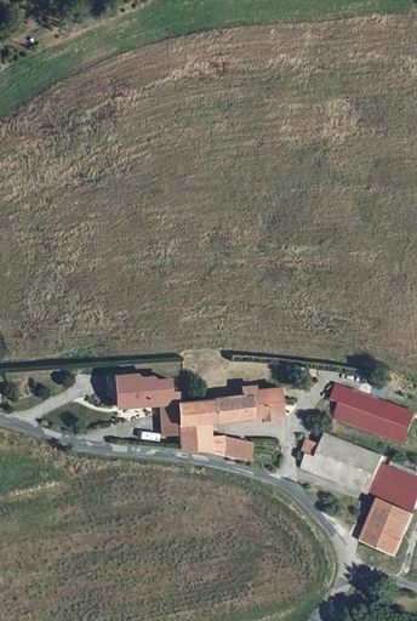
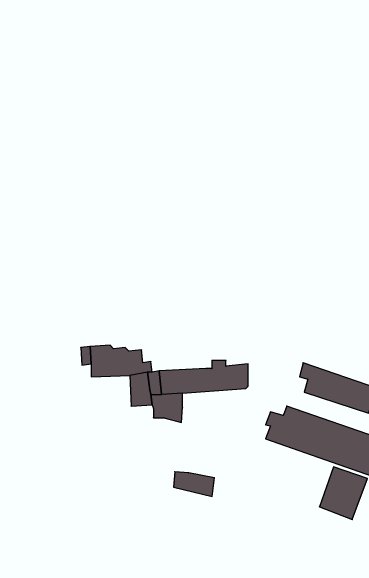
building: [212,437,255,462] -> [174,472,214,496]

